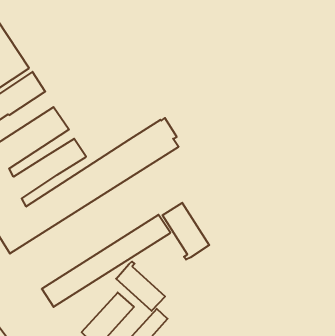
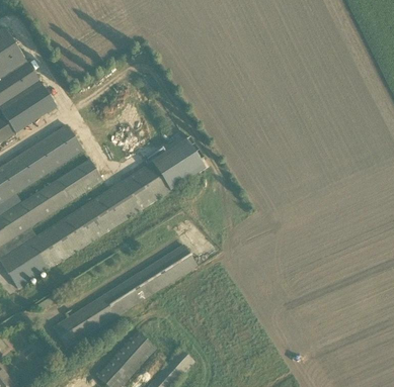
building: [163,203,209,260] -> none
building: [116,262,165,311] -> none

